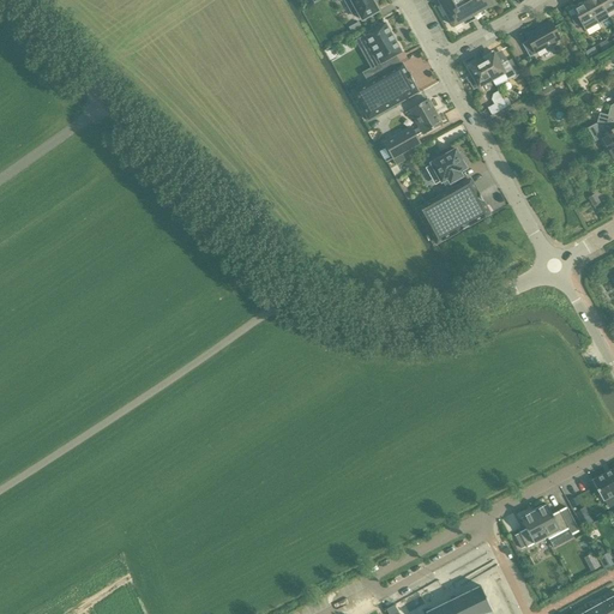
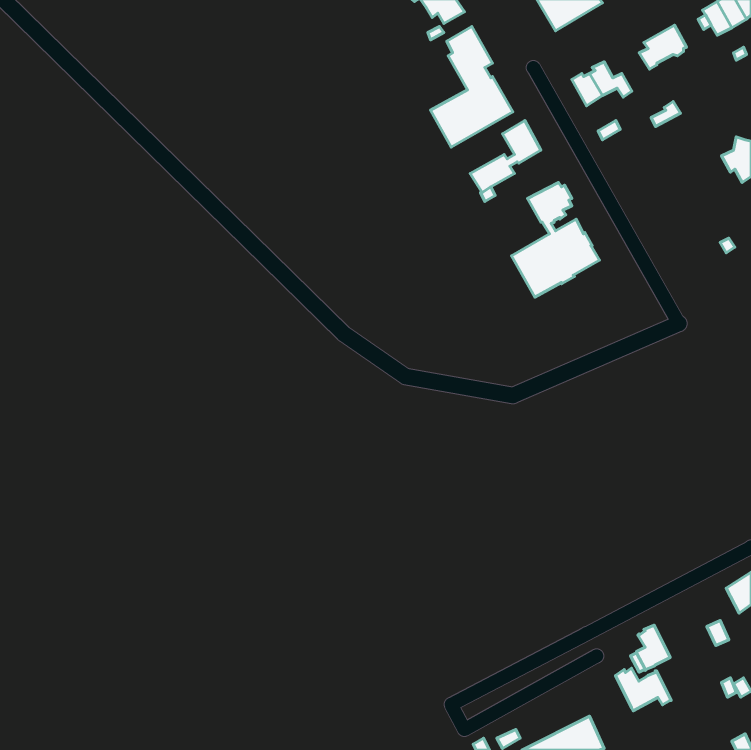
building: [534,504,579,538] -> [615,668,671,711]

